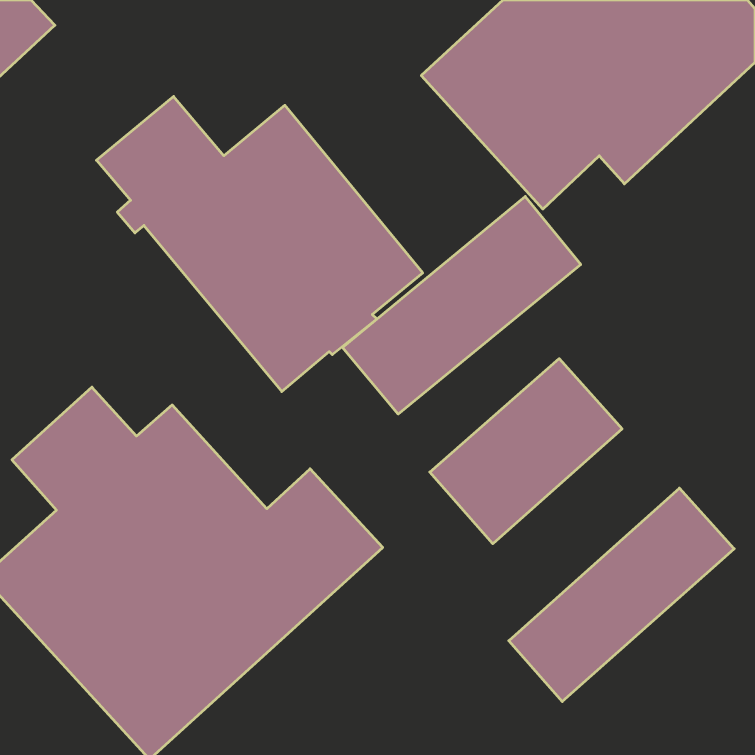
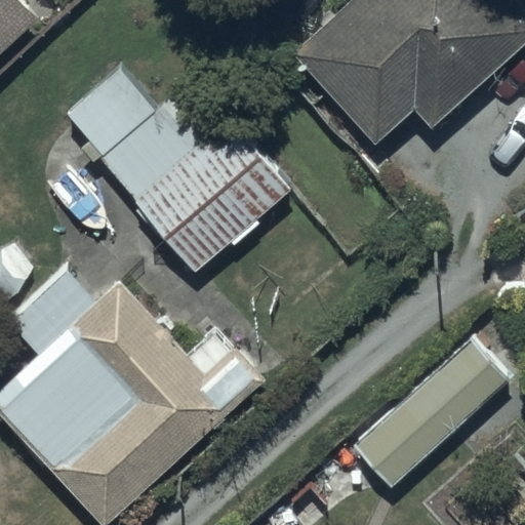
building: [343,196,581,414] -> none
building: [430,359,622,544] -> none

